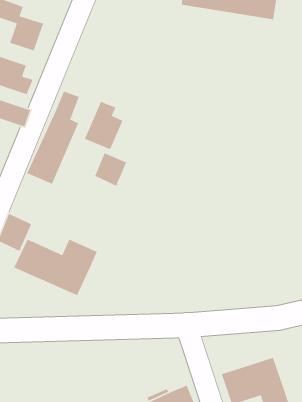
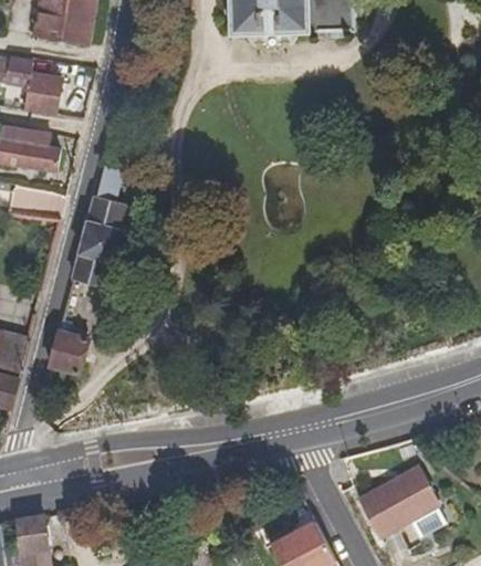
building: [84,101,123,150] -> none
building: [94,152,127,187] -> none
building: [13,238,98,296] -> none

